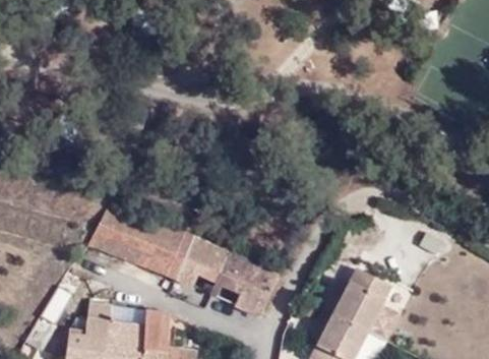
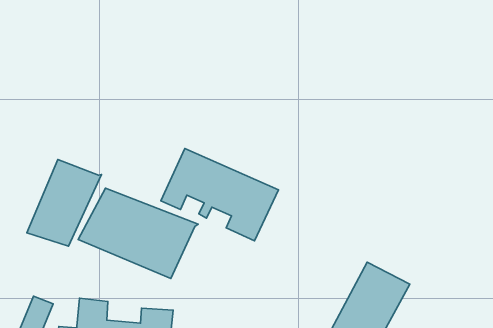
building: none -> [27,159,102,246]
building: [172,234,282,320] -> [161,148,278,241]

